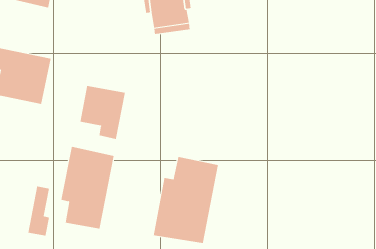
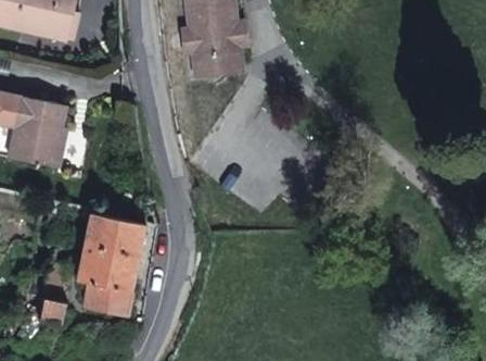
building: [80,85,125,140] -> none
building: [153,156,218,244] -> none

